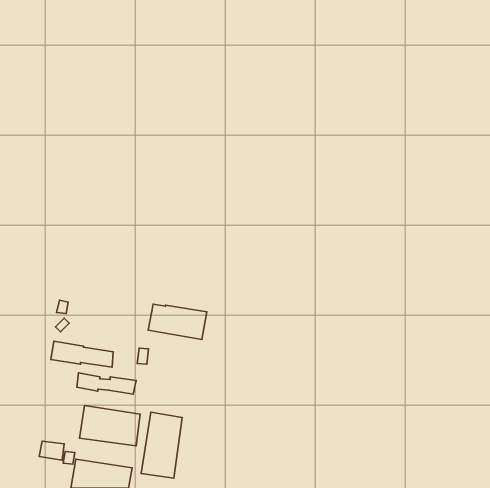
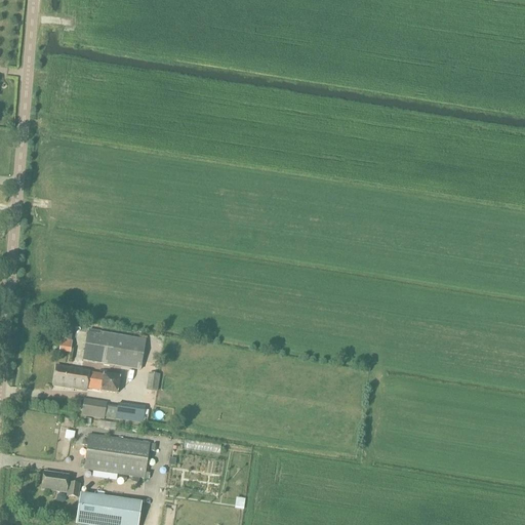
building: [148,304,207,340] -> [82,331,145,369]
building: [141,412,182,478] -> none

